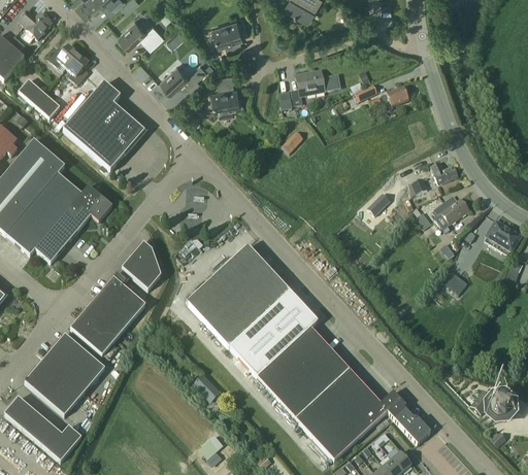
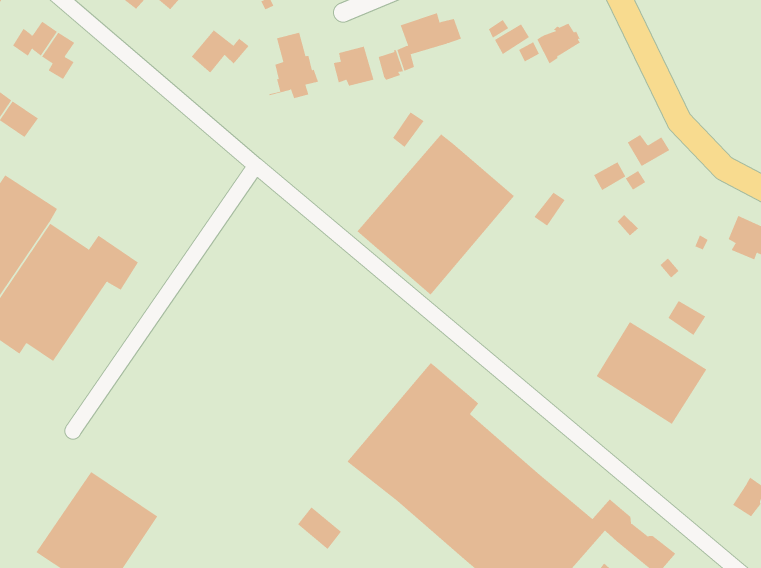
building: [63,81,145,170] -> none
building: none -> [333,46,374,87]
building: [433,196,469,228] -> none
building: [122,242,161,290] -> none
building: [187,245,290,347] -> [357,134,515,295]
building: [70,277,145,354] -> none
building: none -> [596,321,707,425]

